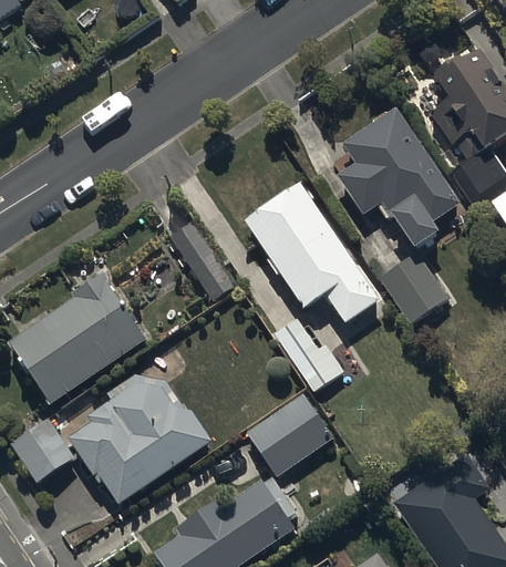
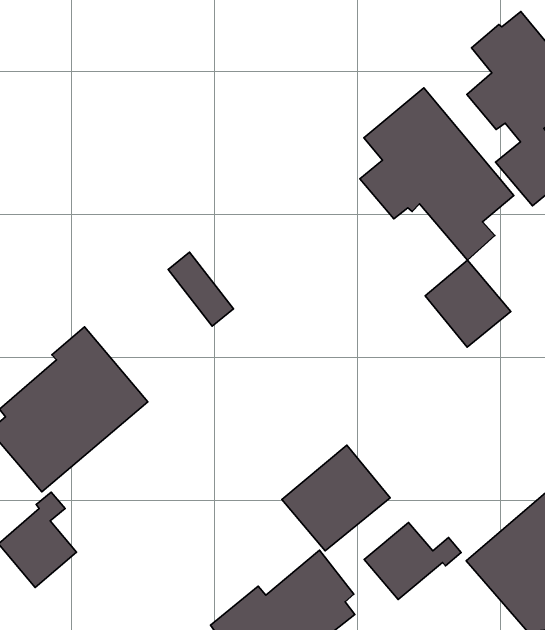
building: [242,182,380,323] -> none
building: [272,317,343,391] -> none
building: [68,373,211,504] -> none
building: none -> [364,522,461,600]

